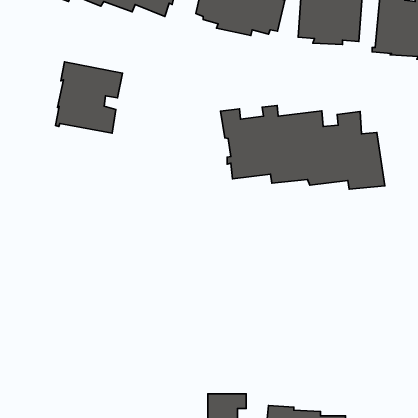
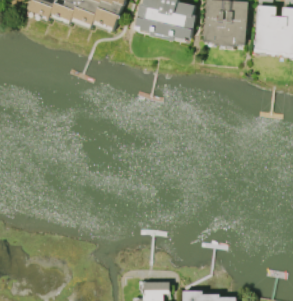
building: [56,62,123,133] -> none
building: [221,106,385,189] -> none

